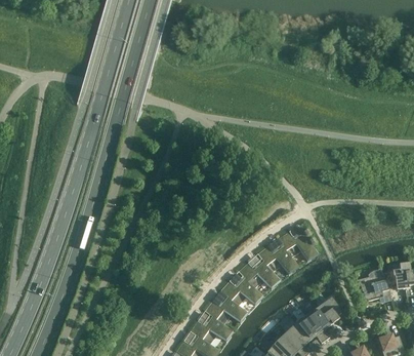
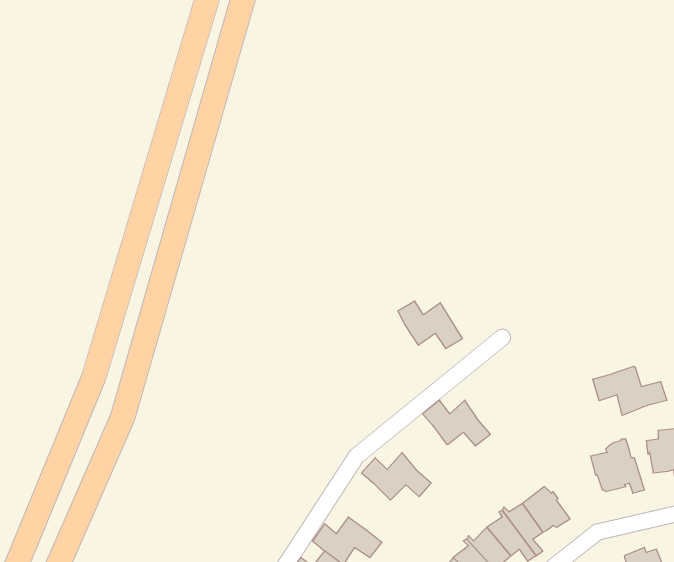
building: none -> [593,366,667,415]
building: [279,230,318,259] -> [398,301,462,349]
building: [239,260,280,287] -> none
building: [205,294,247,323] -> none

